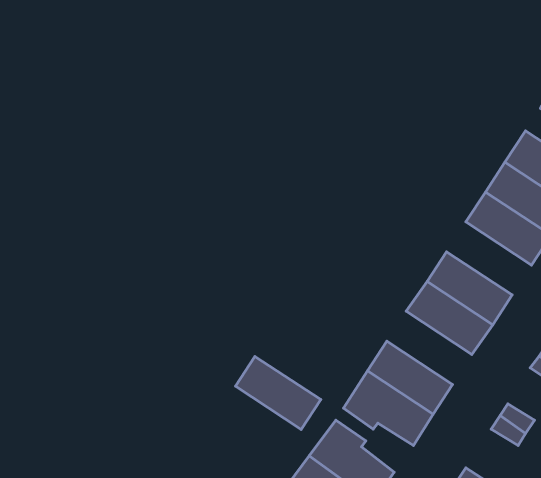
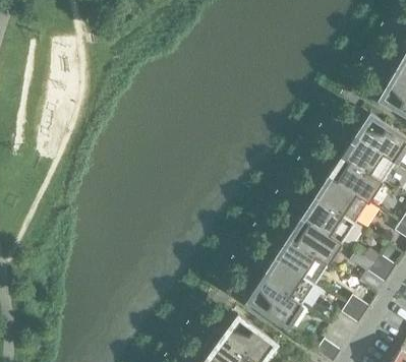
building: none -> [313,174,371,224]
building: [236,356,321,429] -> [273,235,331,285]

